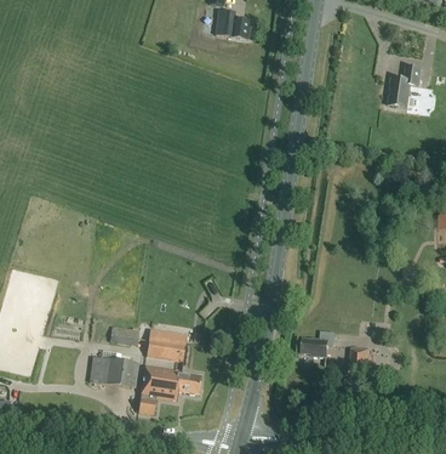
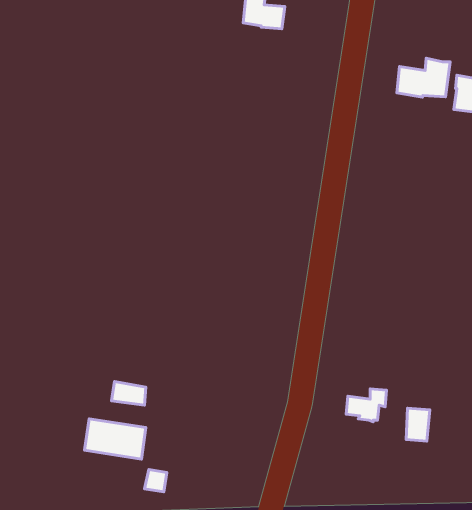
building: none -> [397,58,450,97]
building: [147,337,187,362] -> none
building: [142,364,201,401] -> none

